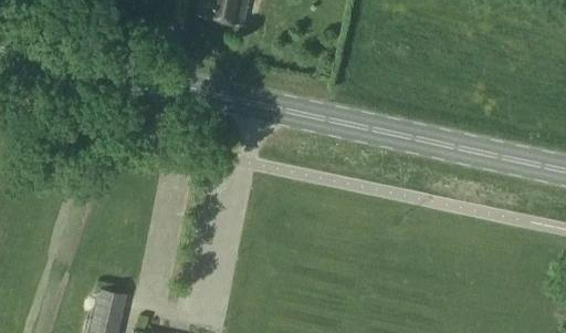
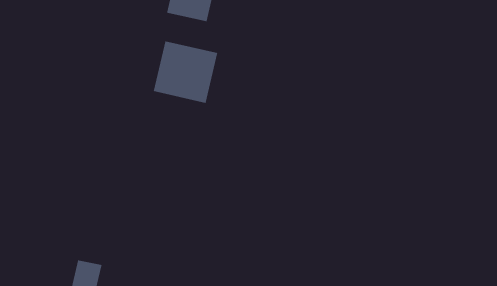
building: none -> [153,40,218,104]

